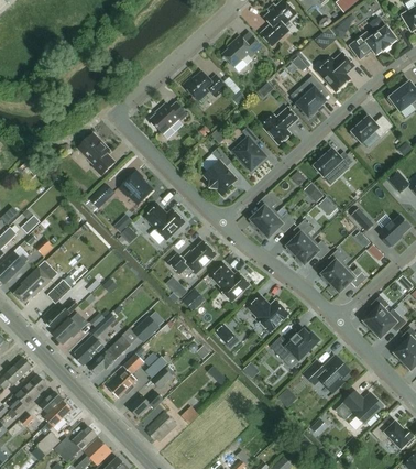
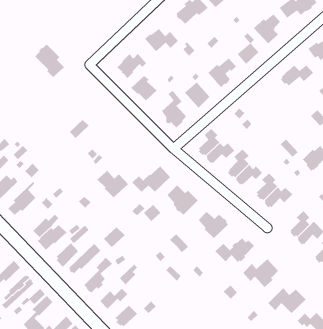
building: [78,133,116,175] -> [34,44,65,78]
building: [314,149,353,177] -> none
building: [120,172,153,204] -> [131,75,157,101]
building: [145,205,185,240] -> [97,170,129,198]

